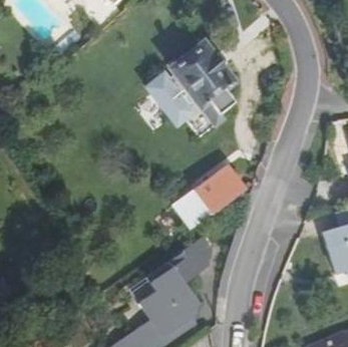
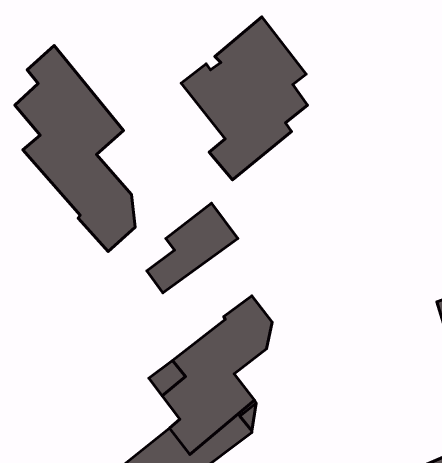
building: none -> [15,46,135,251]
building: [184,164,246,226] -> [147,203,238,293]

